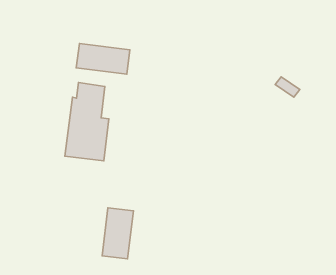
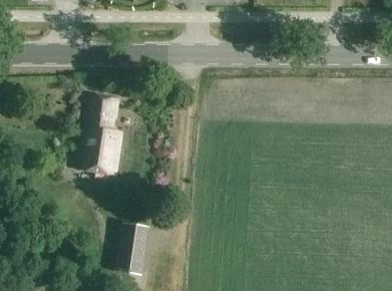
building: [76,43,130,74] -> none

